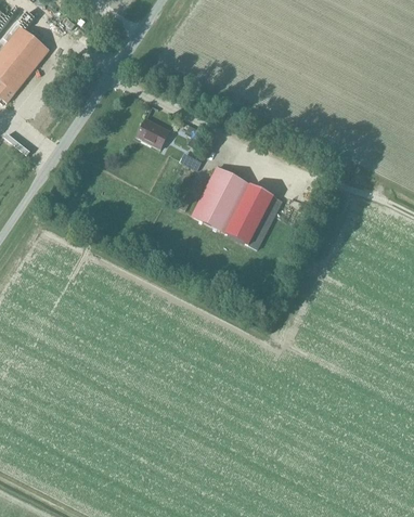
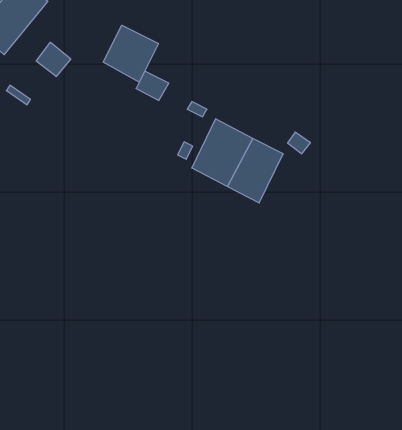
building: none -> [103,25,158,82]
building: none -> [36,42,71,77]

